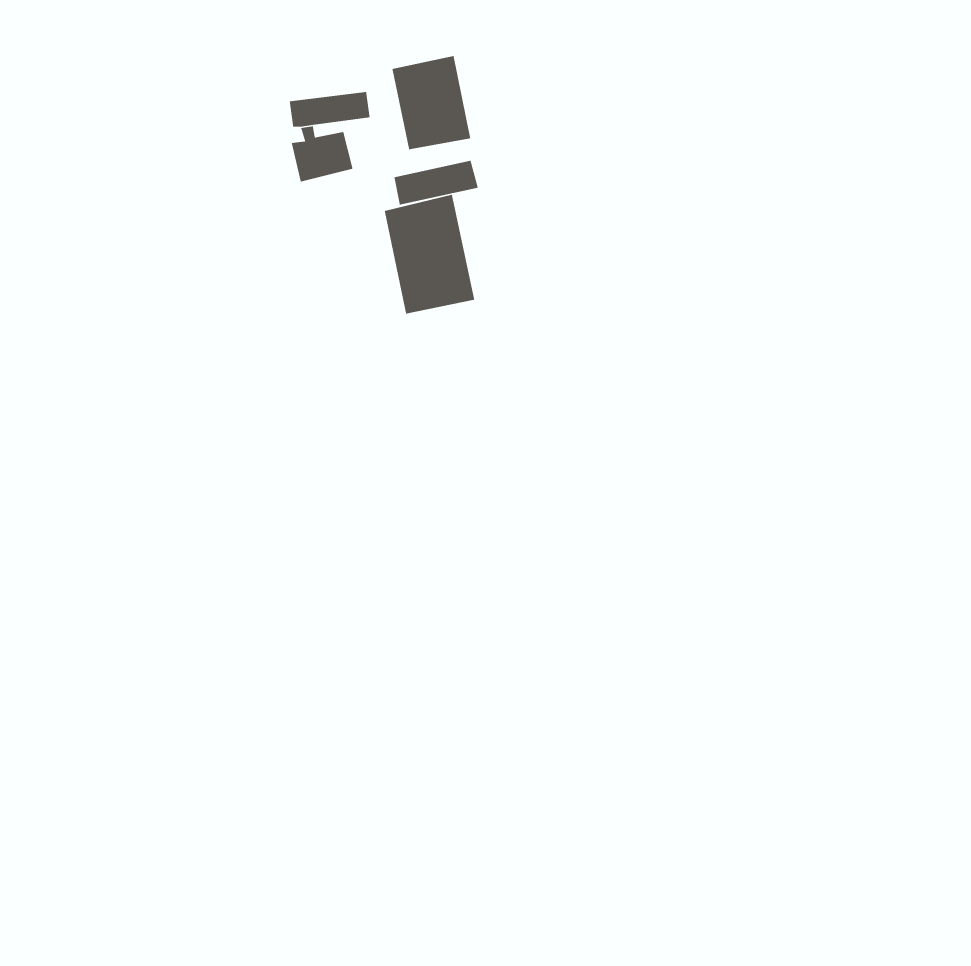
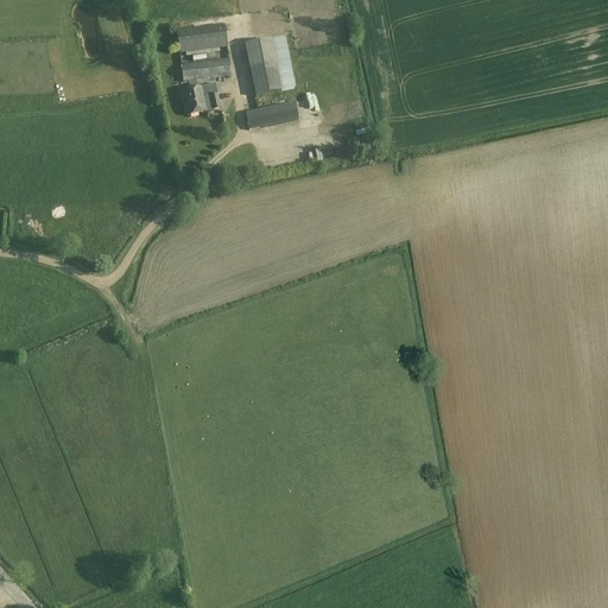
building: none -> [177,23,228,50]
building: [384,194,475,315] -> none

